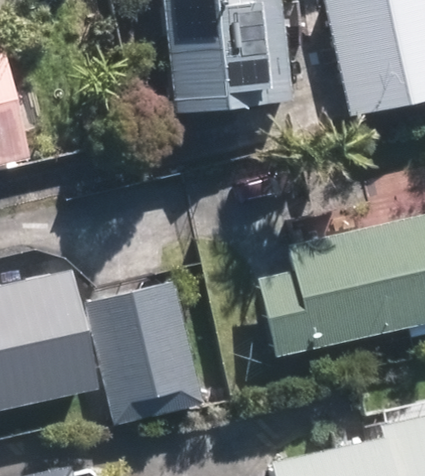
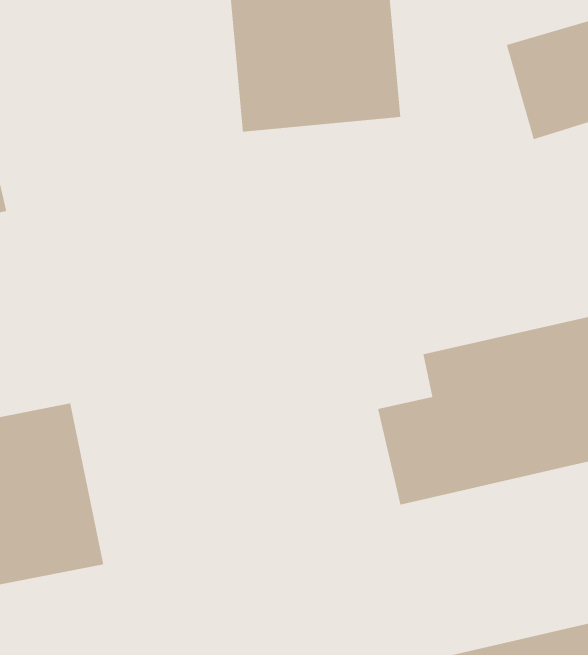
building: [87,289,192,416] -> none

